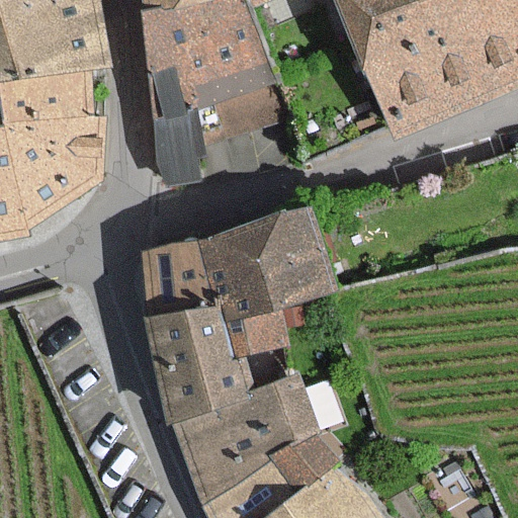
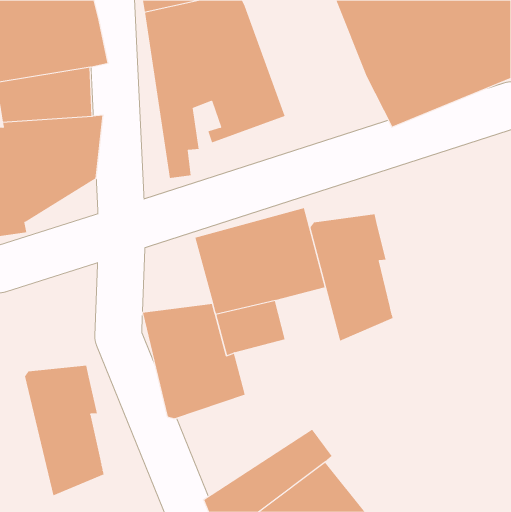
building: none -> [310,214,393,341]
building: [144,240,214,316] -> none
building: none -> [24,365,104,496]
building: [176,377,316,505] -> none

